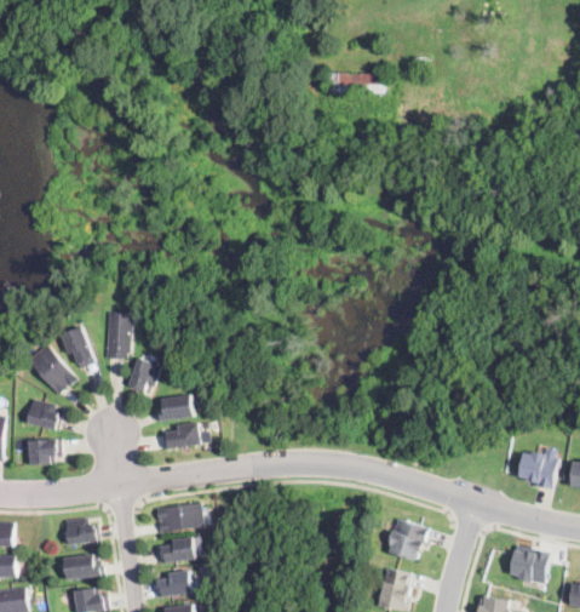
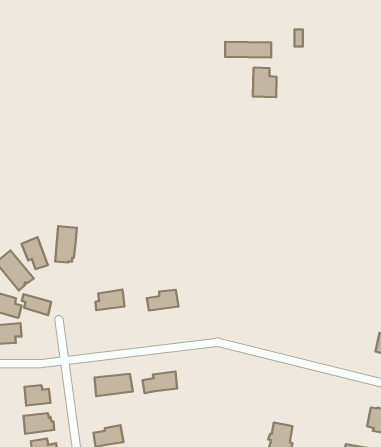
building: none -> [253,67,276,97]
building: [127,358,160,391] -> none
building: none -> [22,294,51,315]
building: [161,422,202,448] -> [147,290,179,310]
building: [387,519,427,560] -> none
building: [157,536,202,564] -> [143,372,177,393]

